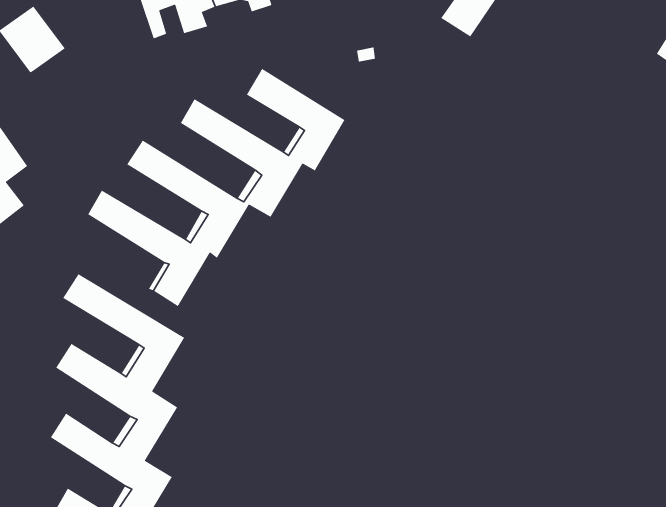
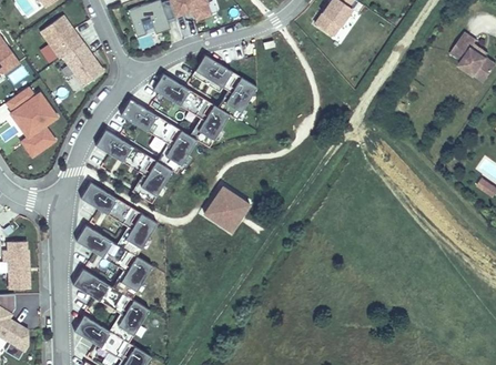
building: none -> [62,42,103,85]
building: none -> [203,185,251,232]

